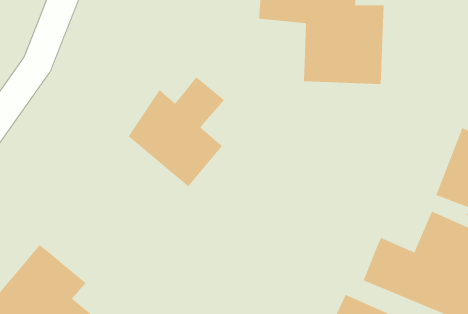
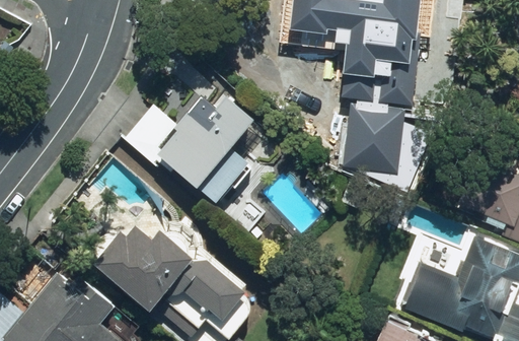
building: none -> [331,105,426,187]
building: none -> [93,221,249,325]

